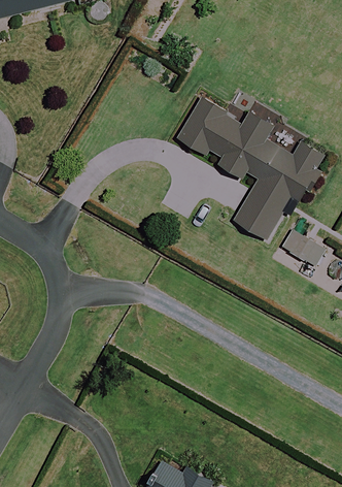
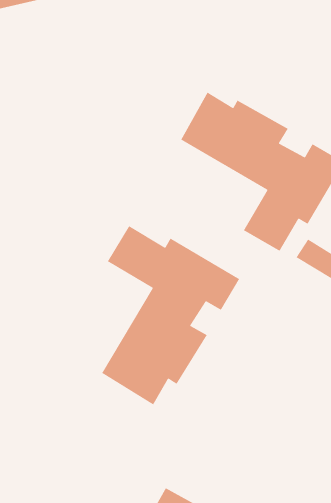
building: none -> [101,225,240,406]

